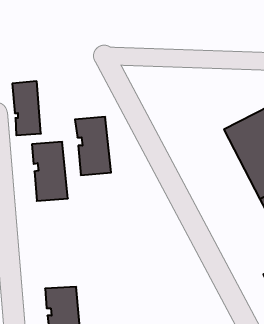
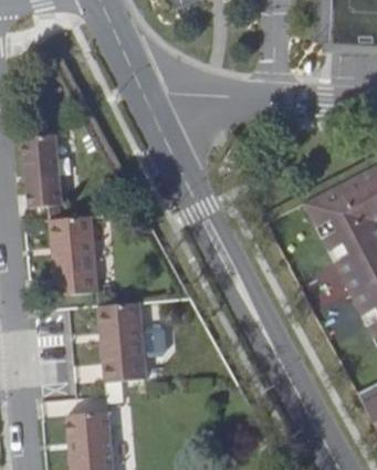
building: [75,117,111,175] -> [96,303,145,382]

